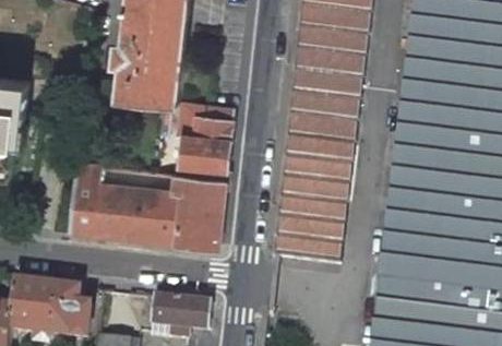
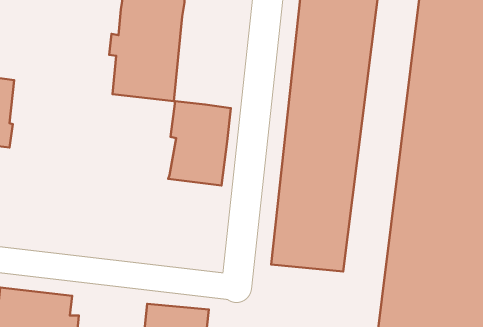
building: [69,175,225,249] -> none

